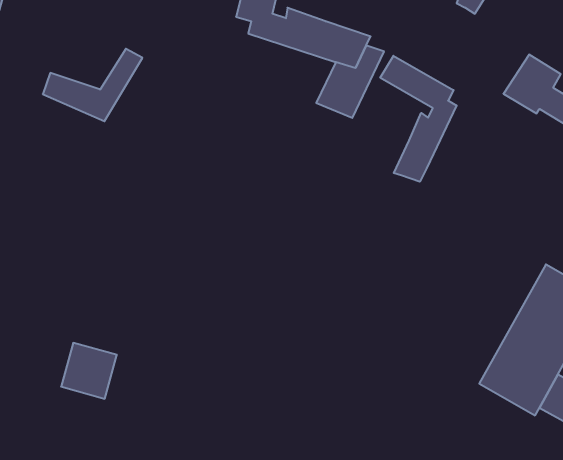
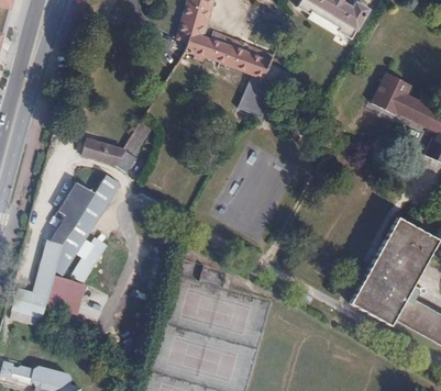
building: [43,49,142,121] -> [81,119,154,171]
building: [380,56,457,182] -> none
building: none -> [9,171,120,326]

